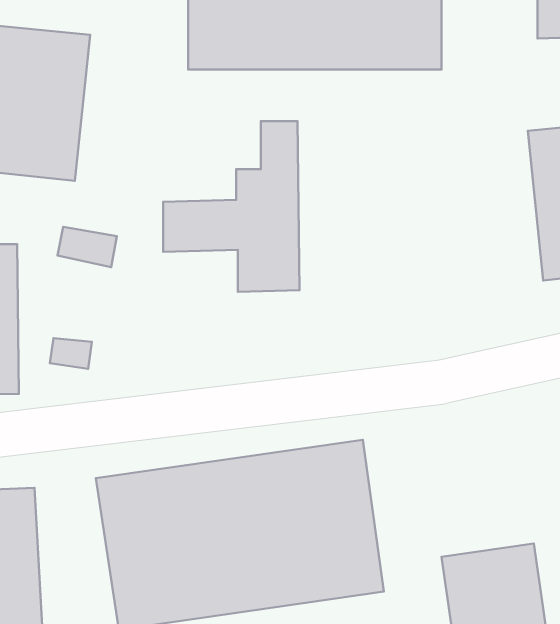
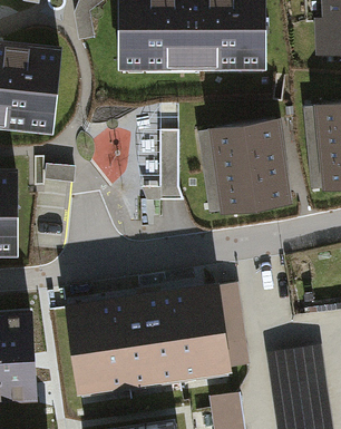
building: none -> [212,121,294,218]

